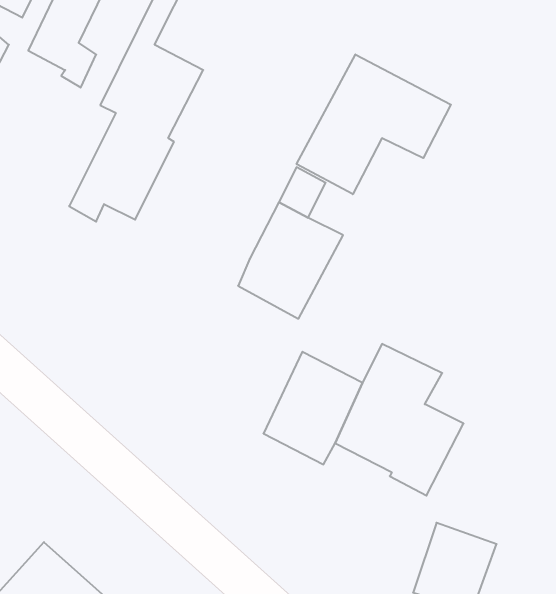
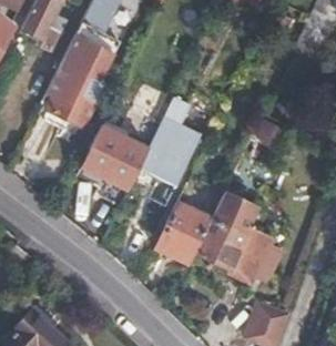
building: [297,54,451,194] -> none
building: none -> [82,124,150,190]

